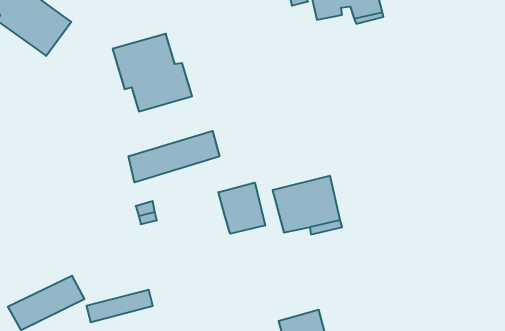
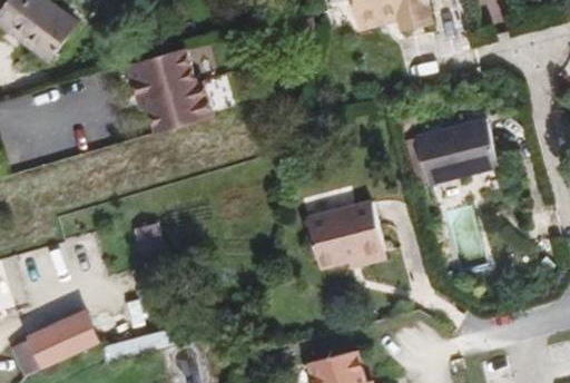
building: none -> [416,121,498,183]
building: [129,131,219,182] -> none
building: [218,183,265,234] -> none

